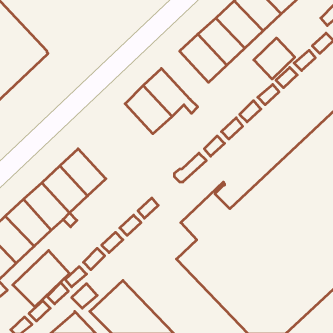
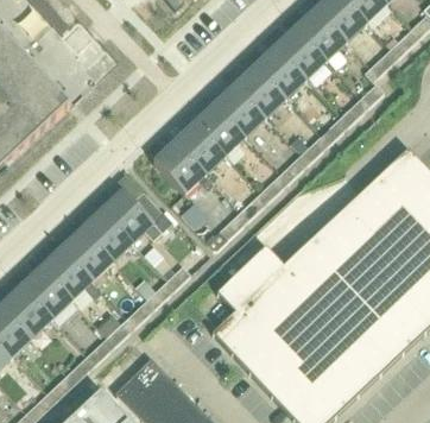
building: [254,38,295,79] -> none
building: none -> [195,101,247,154]
building: none -> [102,189,173,242]
building: [13,250,69,307] -> none

